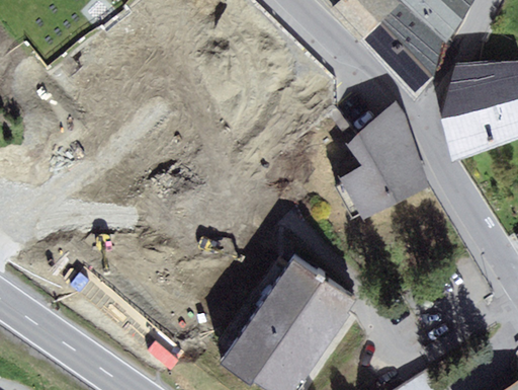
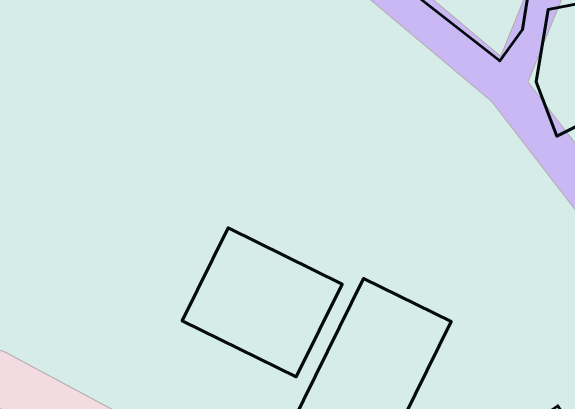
building: [341,100,429,220] -> none
building: none -> [182,228,342,377]

